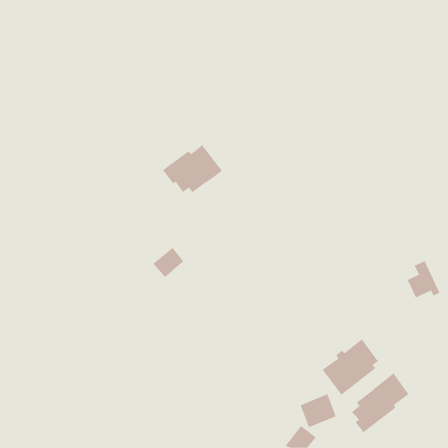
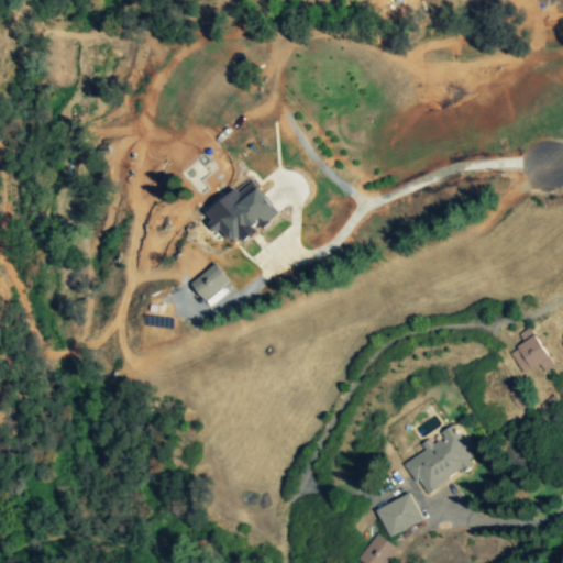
building: [153,247,184,278] -> [190,263,230,301]
building: [351,373,409,433] -> none

